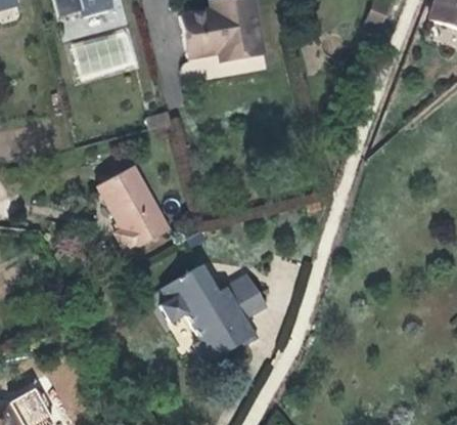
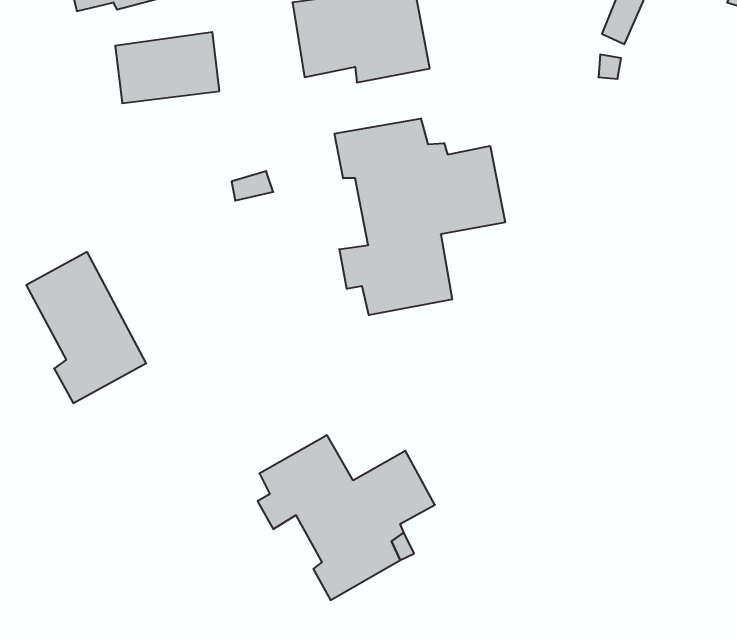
building: none -> [335,118,505,315]
building: [100,166,171,255] -> [26,252,146,403]

